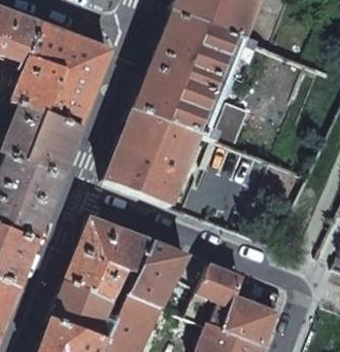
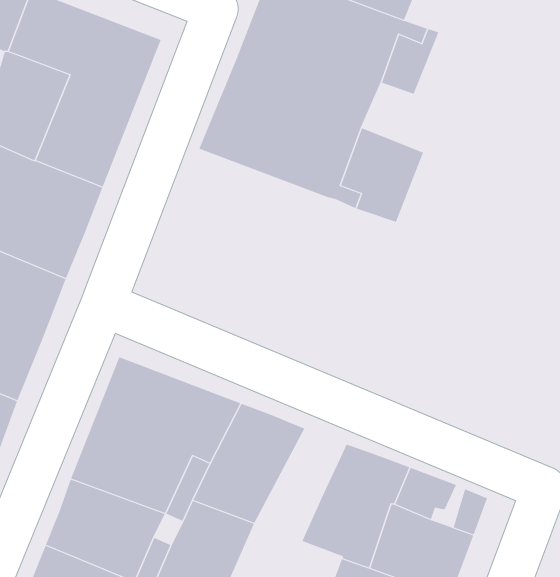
building: [105,108,200,206] -> none

